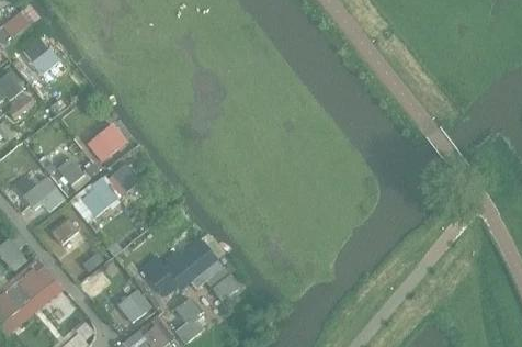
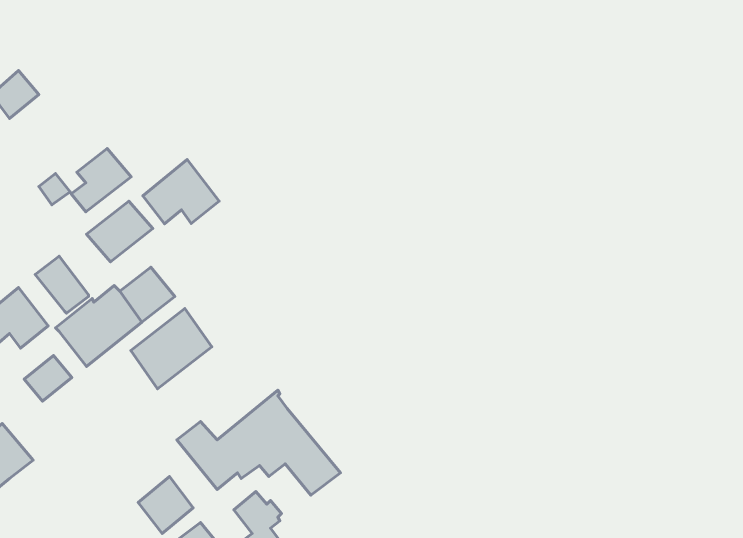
building: none -> [71,148,131,212]
building: none -> [143,160,219,224]
building: none -> [131,308,212,389]

